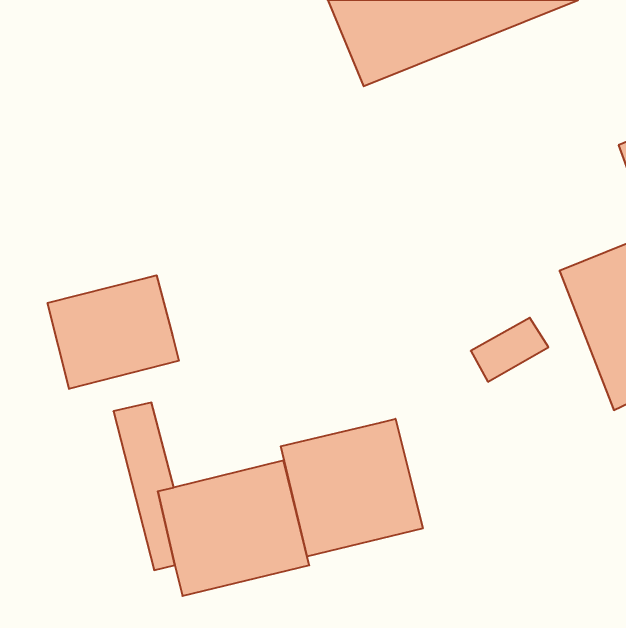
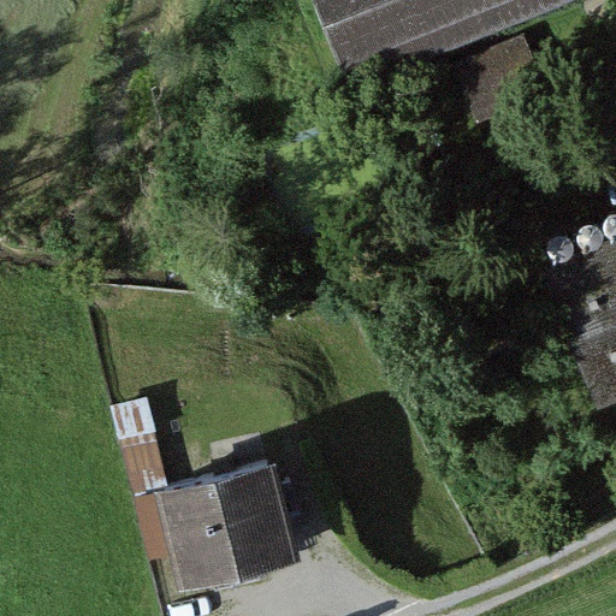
building: [48,275,179,389] -> none
building: [281,419,423,556] -> none

